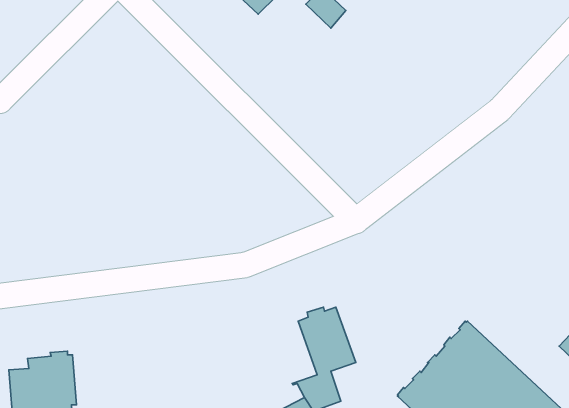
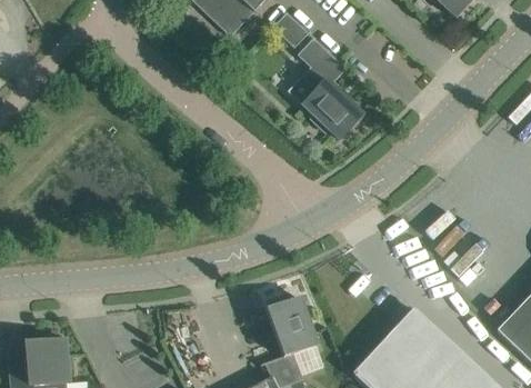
building: none -> [298,37,364,139]

